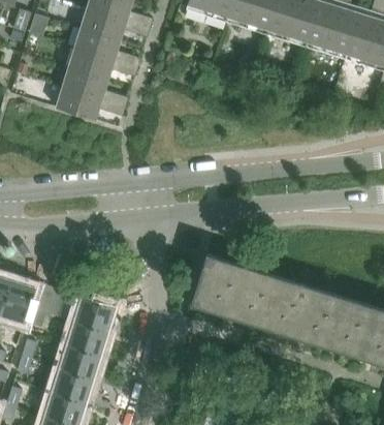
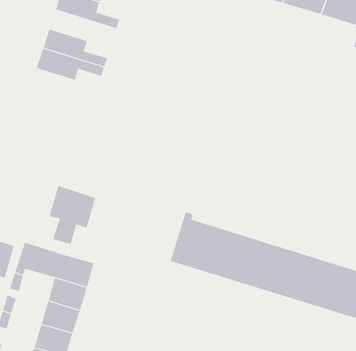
building: [68,48,137,80] -> none
building: none -> [49,185,96,245]

